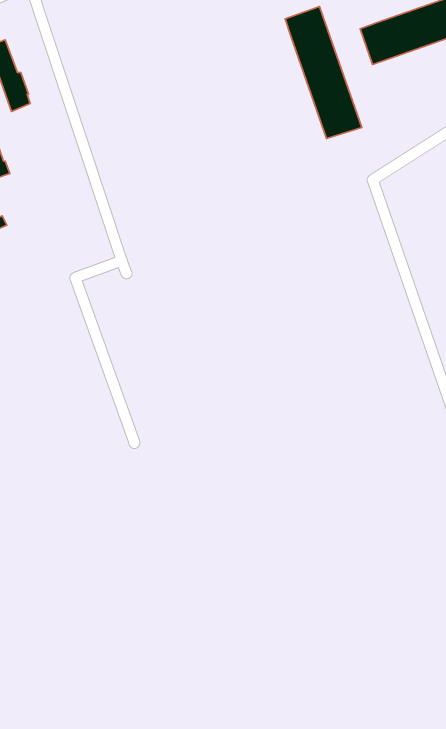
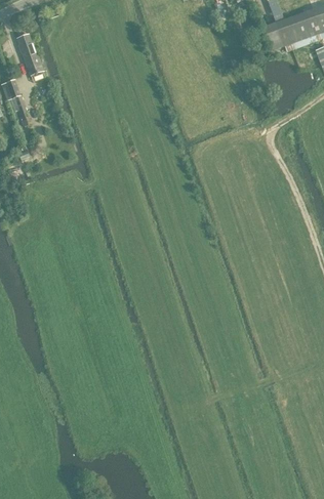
building: [285,7,362,138] -> none

